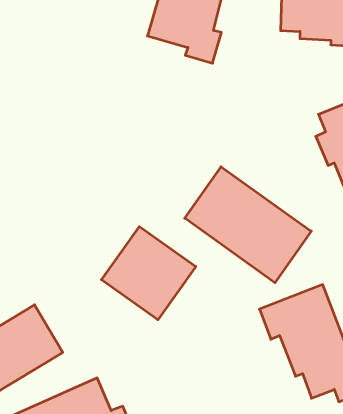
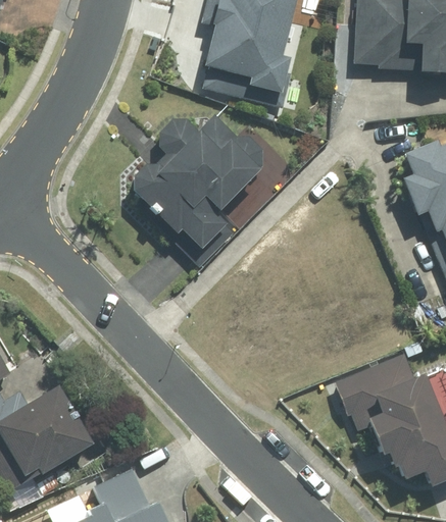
building: none -> [130,113,263,268]
building: [185,167,311,283] -> none
building: [101,227,196,320] -> none

